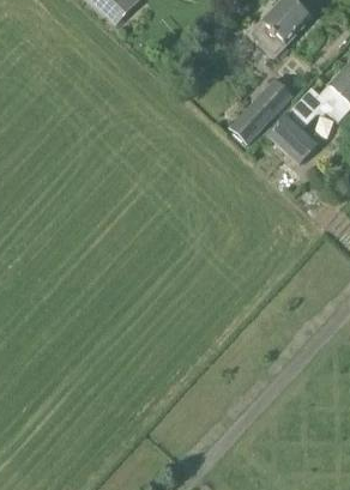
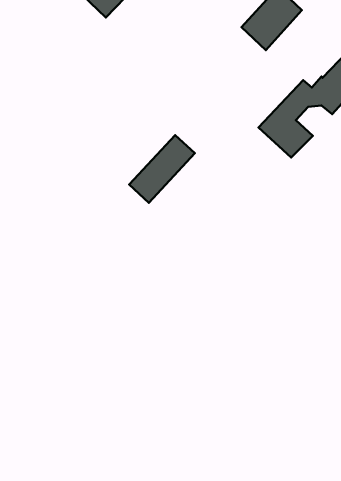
building: [229,77,294,144] -> [129,135,195,203]

